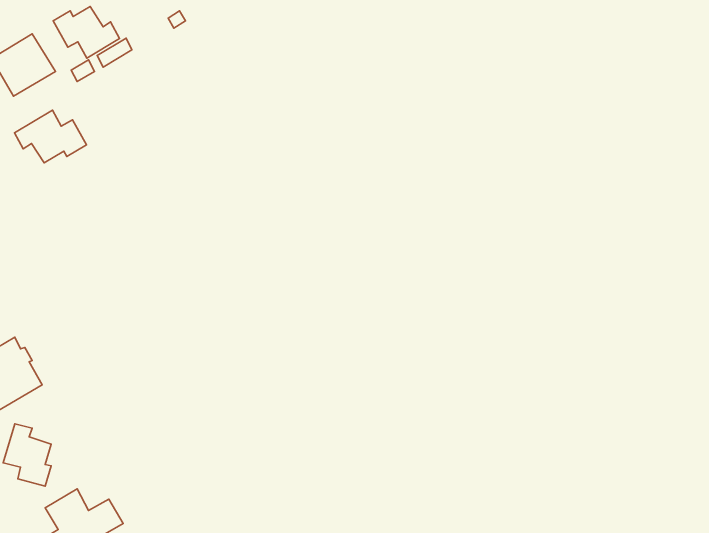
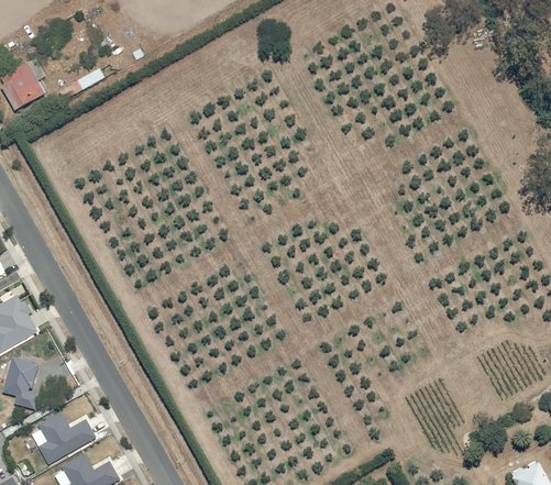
building: [53,6,120,58] -> none
building: [15,110,86,163] -> none

